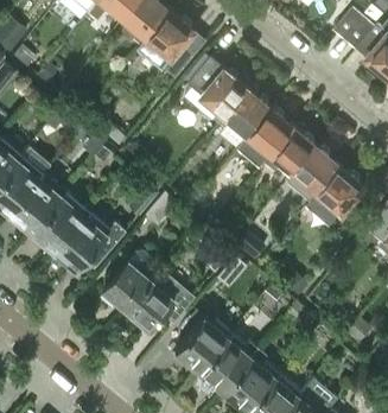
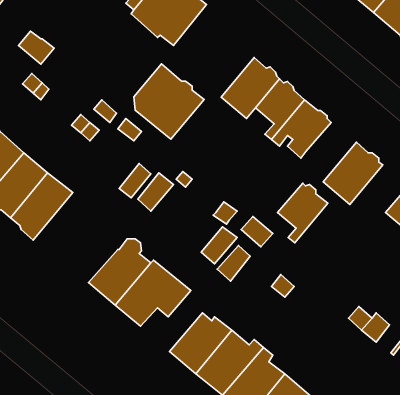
building: [185,57,248,125] -> [134,64,204,139]
building: [294,147,339,201] -> [278,183,328,243]
building: [50,210,125,269] -> none

